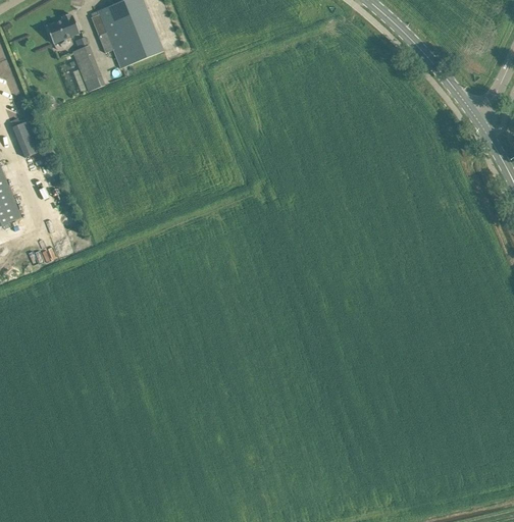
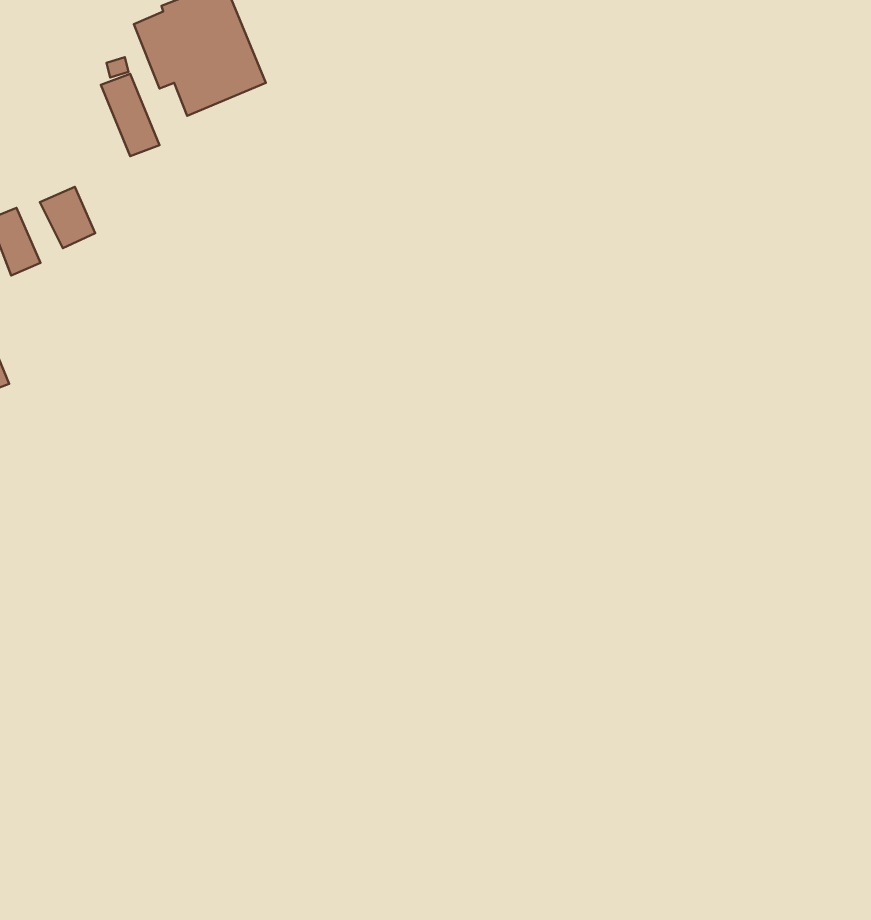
building: [46,15,79,43] -> none
building: none -> [40,187,95,248]

